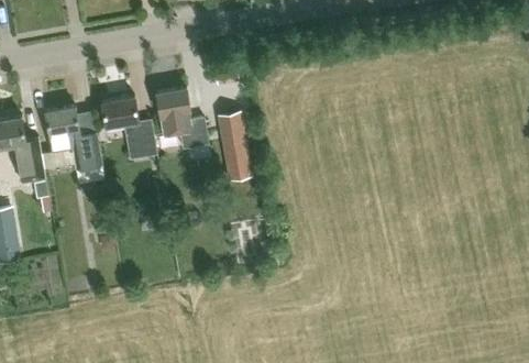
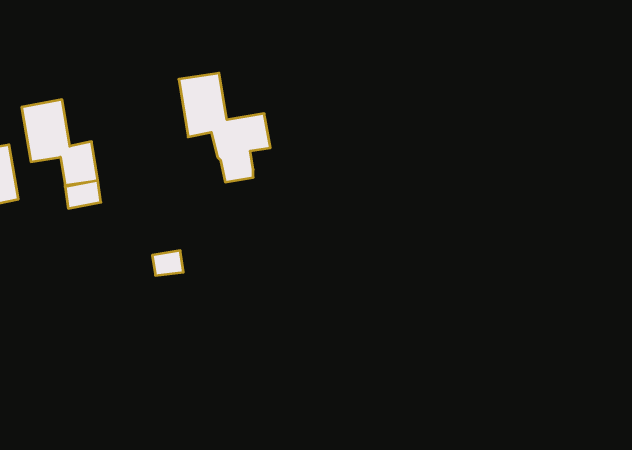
building: [102,97,155,157] -> none
building: [221,111,247,166] -> none

